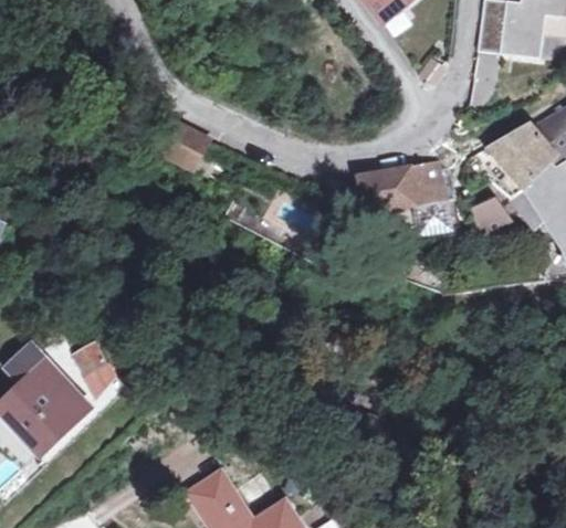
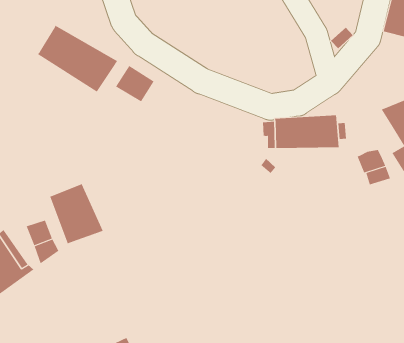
building: none -> [37,25,118,92]
building: none -> [49,183,103,244]

